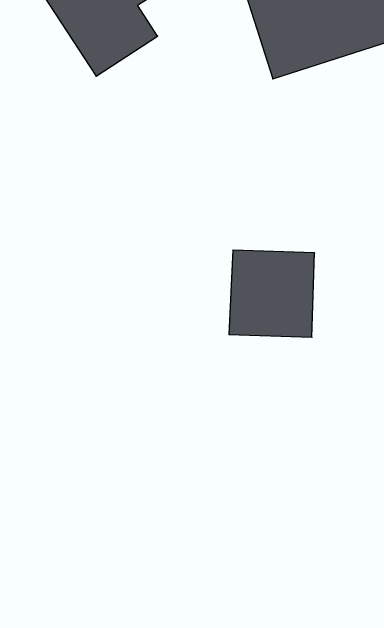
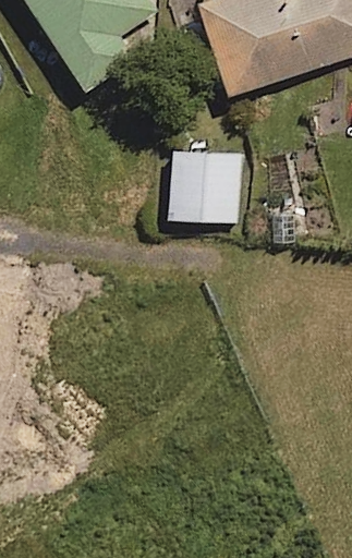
building: [229,250,315,337] -> [170,153,240,223]

